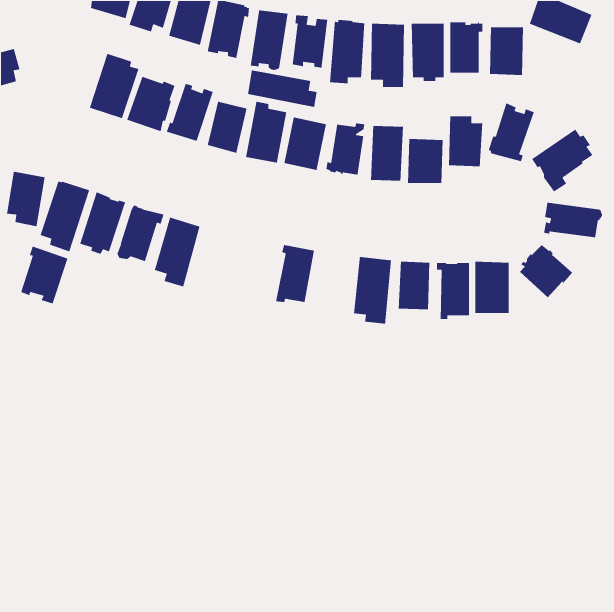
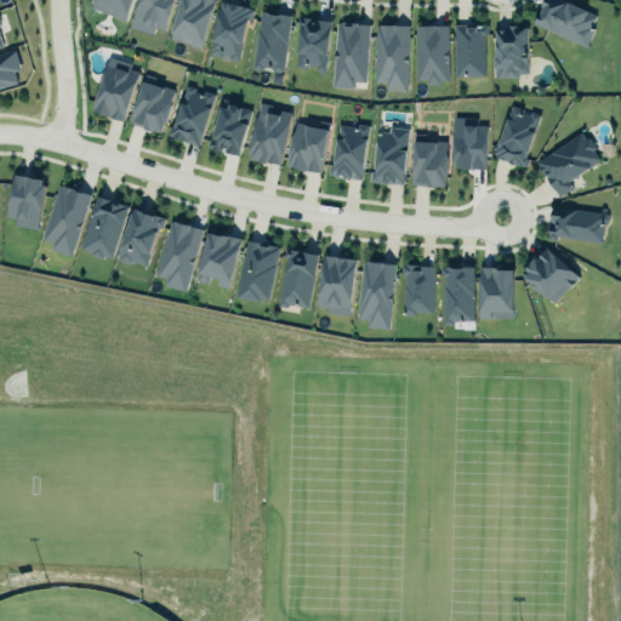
building: [247,69,318,108] -> none
building: none -> [198,233,240,290]
building: none -> [235,240,279,302]
building: [20,245,68,305] -> none
building: none -> [318,255,358,317]

